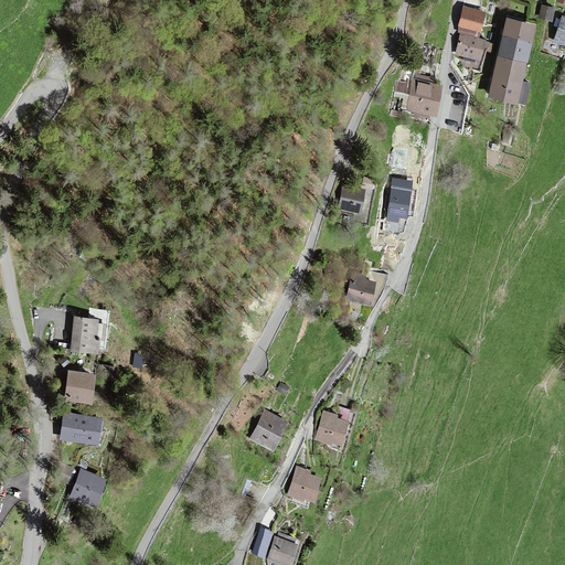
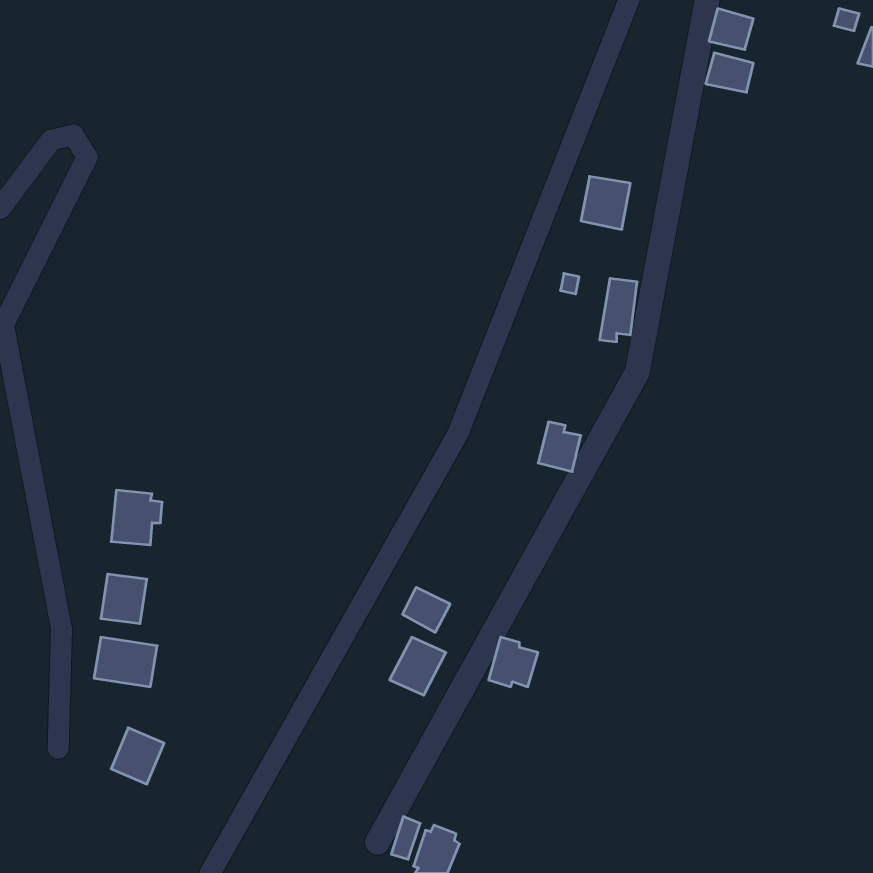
building: [488,18,536,106] -> none
building: [408,81,440,115] -> [581,176,630,229]
building: [340,185,364,212] -> none
building: none -> [403,587,450,632]
building: [288,467,322,501] -> none

